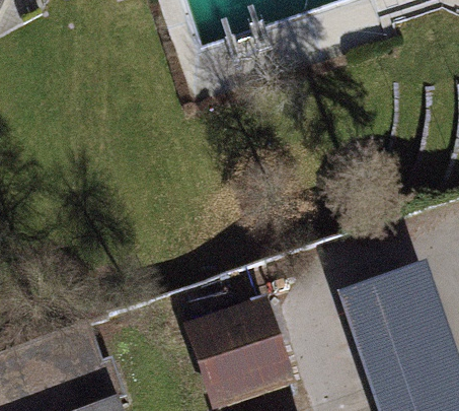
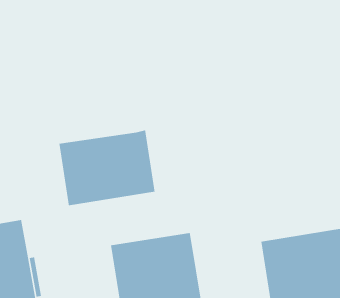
building: none -> [59,130,155,206]

